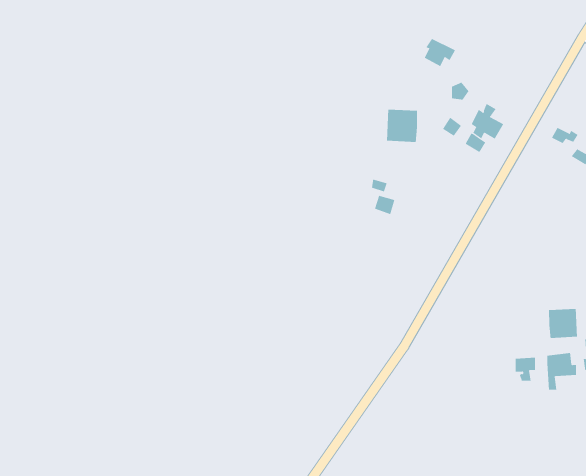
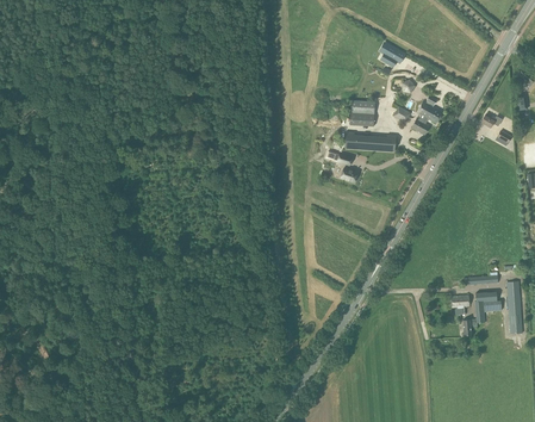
building: none -> [343,131,396,153]
building: [549,308,578,339] -> none

